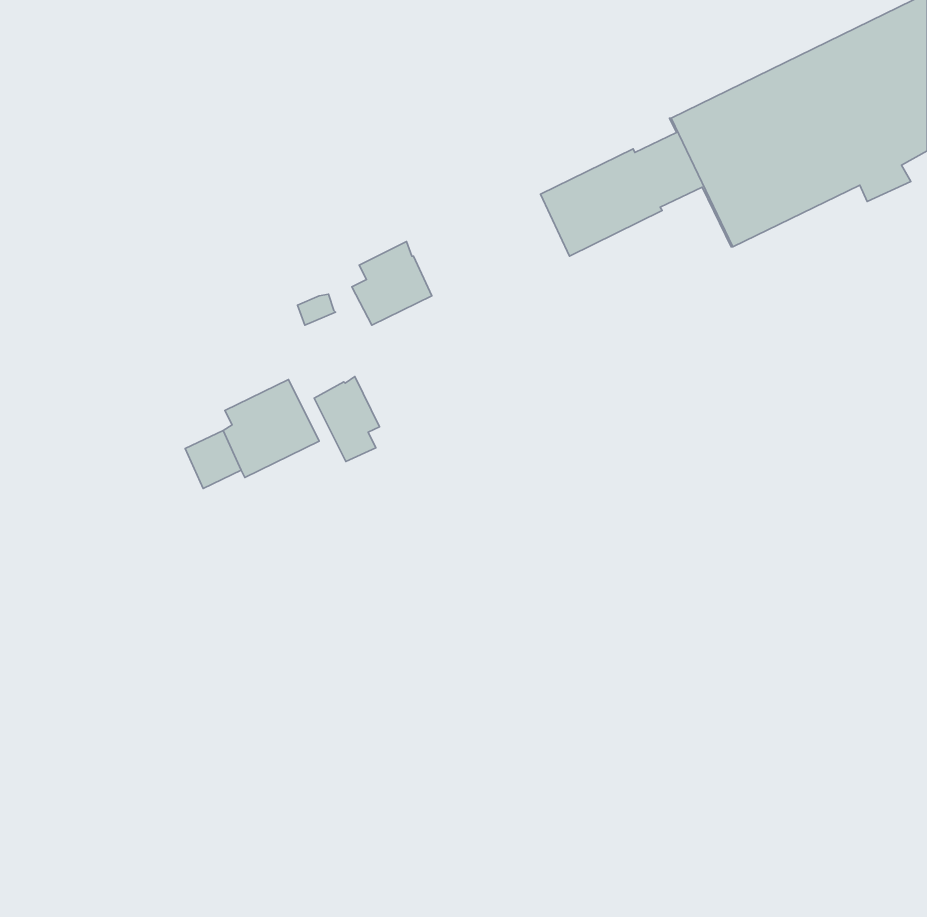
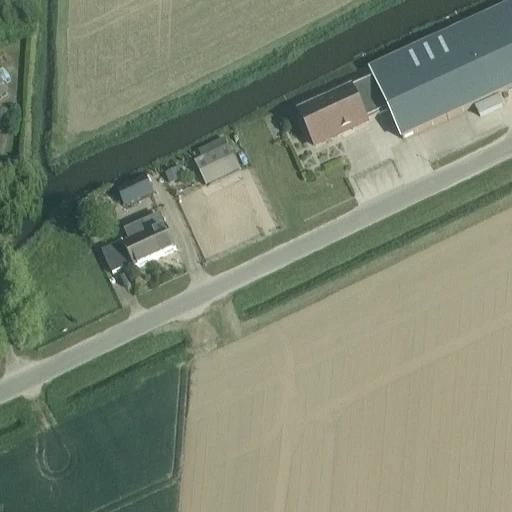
building: none -> [116,170,155,203]
building: [314,376,379,461] -> none

